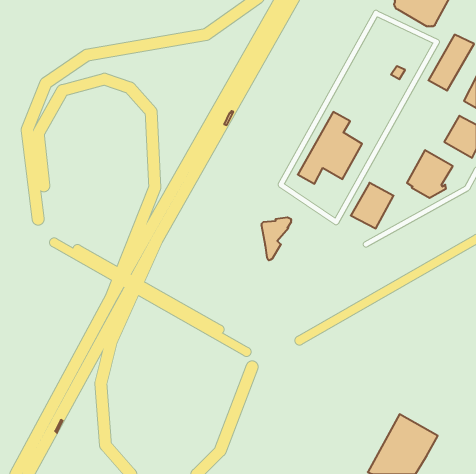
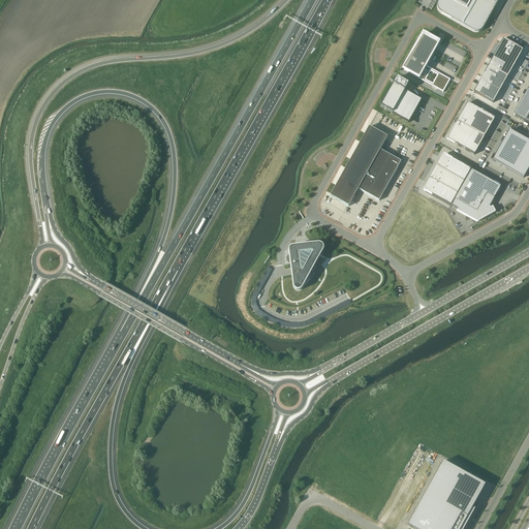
building: none -> [402,29,440,76]
building: none -> [381,75,422,120]
building: none -> [447,100,495,152]
building: [351,183,394,228] -> [424,152,471,203]

